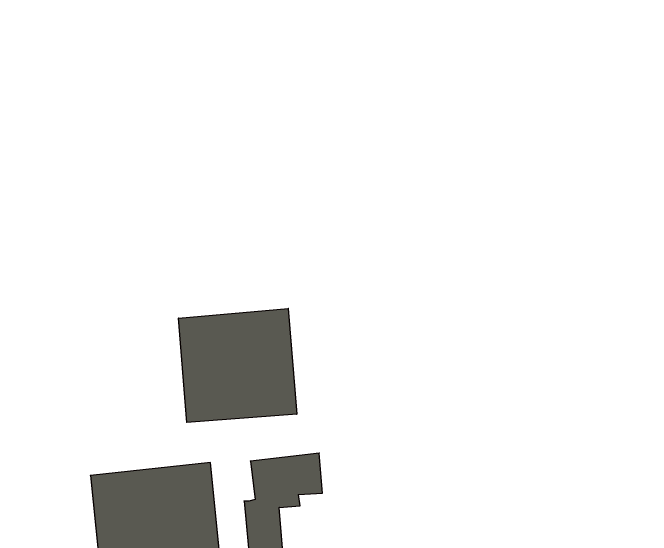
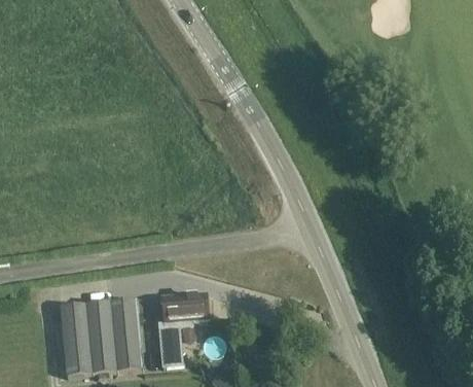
building: [179,308,297,422] -> none

